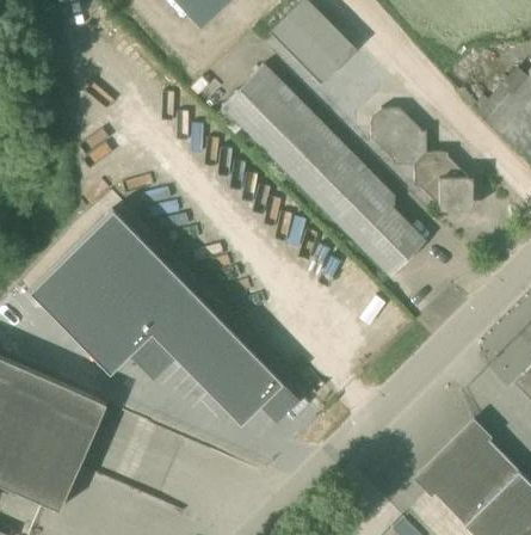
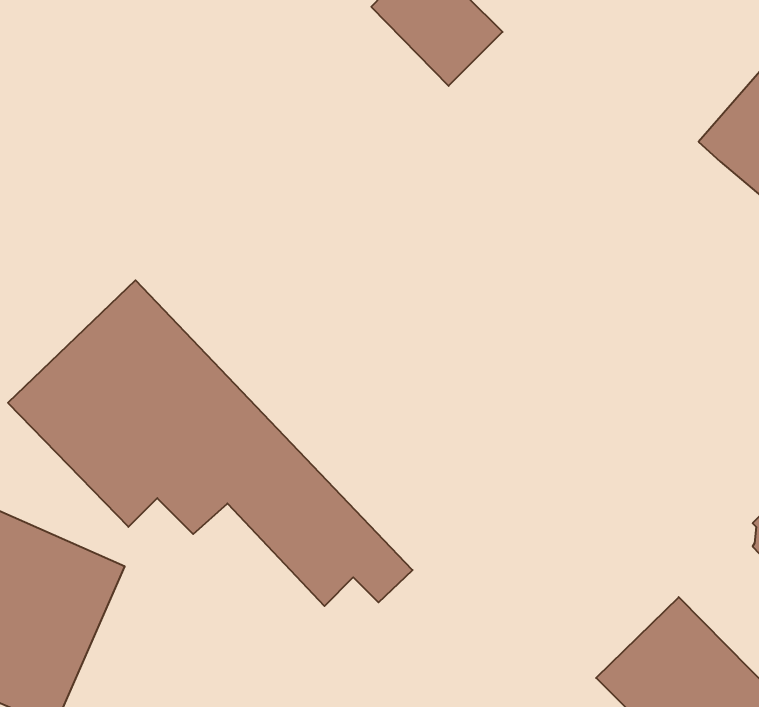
building: [216,63,426,275] -> none
building: [371,107,473,209] -> none

